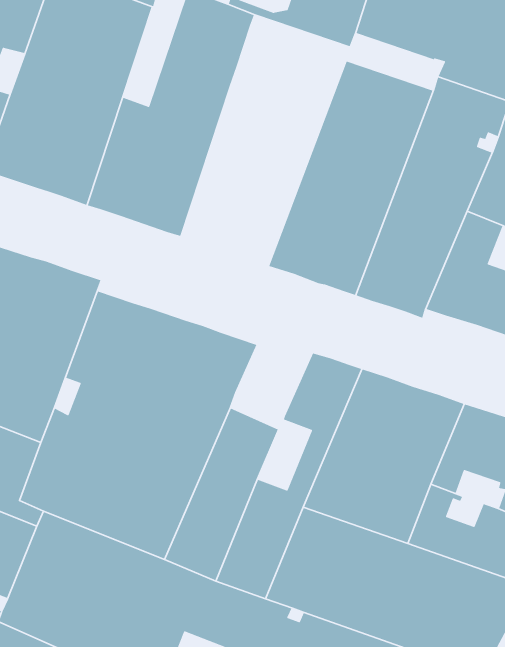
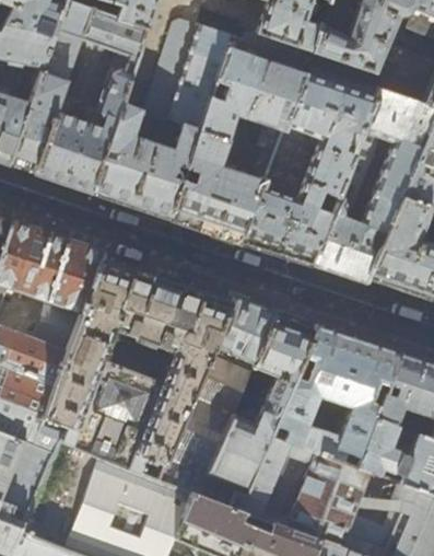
building: none -> [167,45,302,241]
building: none -> [212,297,274,362]

